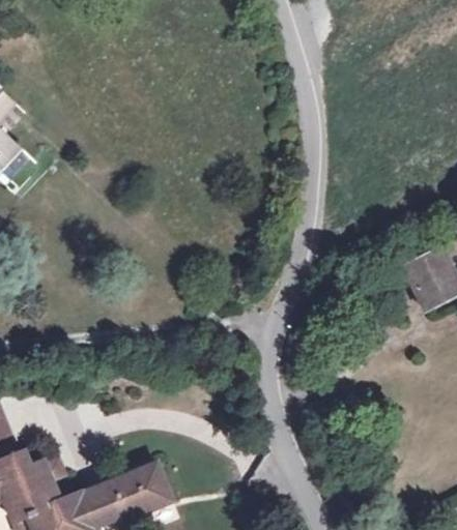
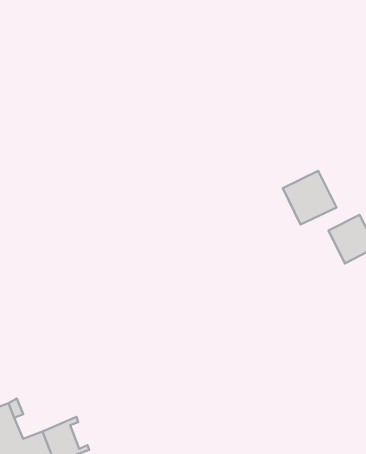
building: none -> [283,171,336,225]
building: [114,465,173,517] -> none

